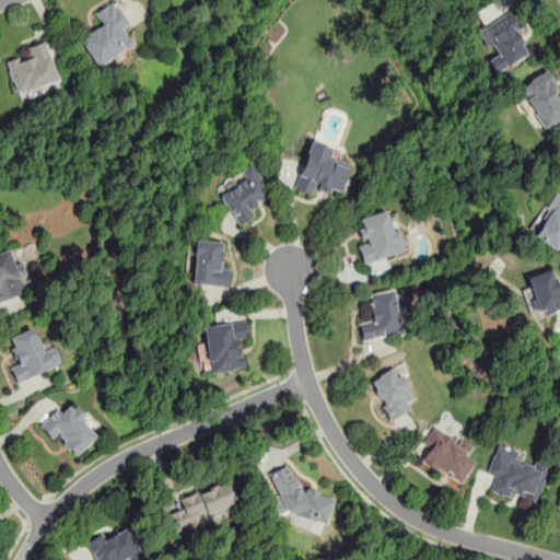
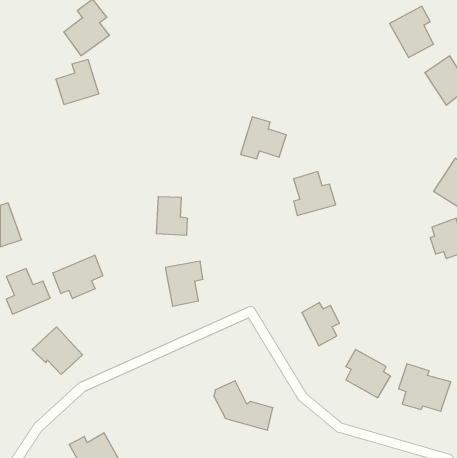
building: [9,42,61,96] -> [56,60,99,104]
building: [223,166,270,225] -> none
building: [360,290,408,341] -> none
building: none -> [53,255,103,299]
building: [174,481,240,533] -> none

